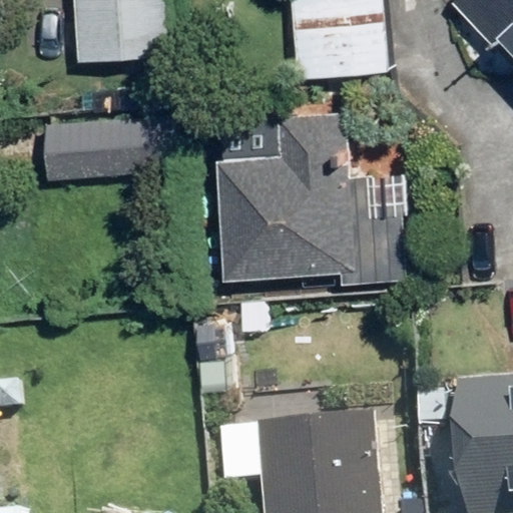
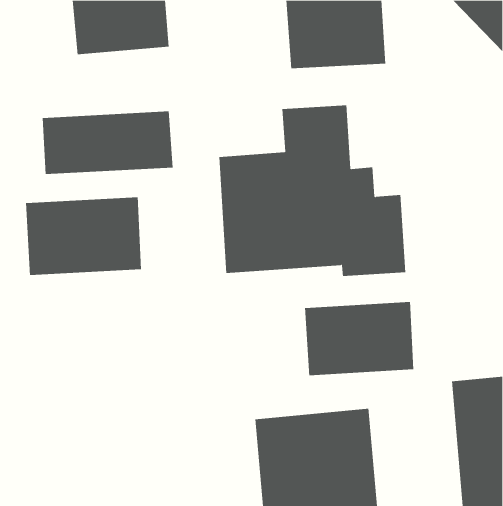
building: none -> [25,197,141,276]
building: none -> [305,301,414,376]

